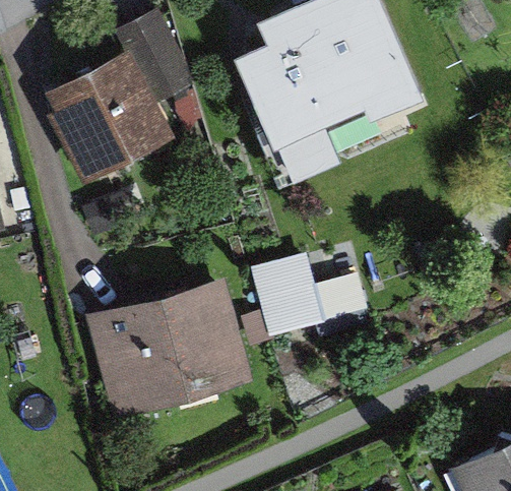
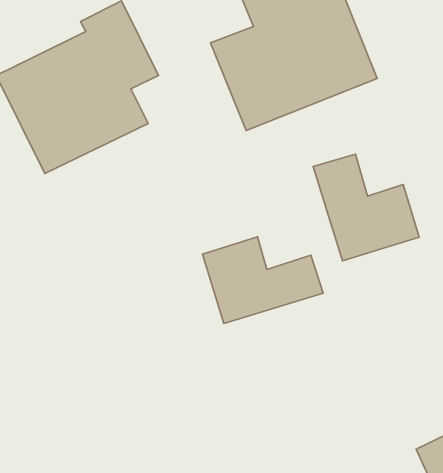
building: none -> [313,154,419,261]
building: [87,280,253,418] -> none

